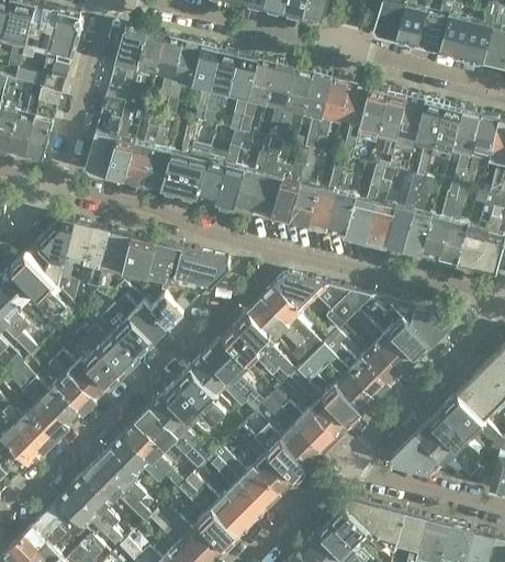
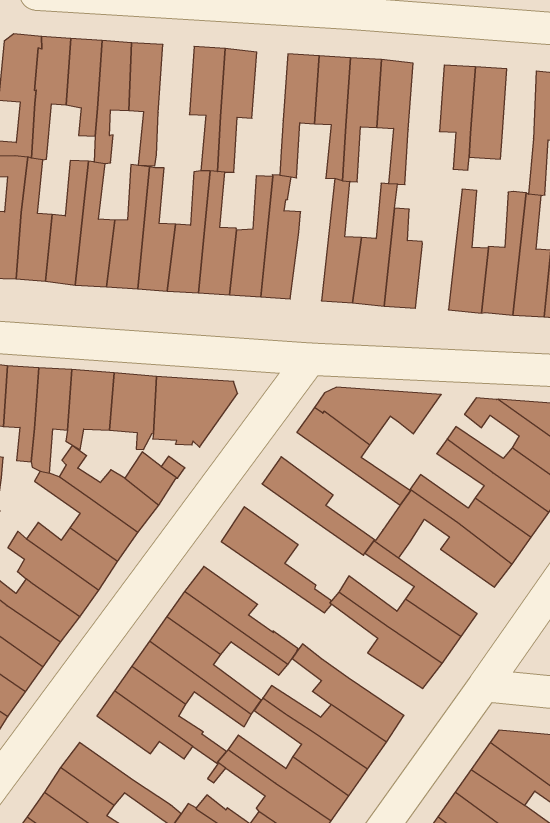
building: [201,50,237,126] -> none
building: [265,65,293,127] -> none
building: [350,88,386,162] -> none
building: [414,101,441,179] -> none
building: [269,147,308,222] -> none
building: [344,167,384,240] -> none
building: [325,291,371,329] -> none
building: [247,299,314,367] -> none
building: [220,326,278,378] -> none
building: [189,357,257,419] -> none
building: [307,376,362,427] -> none
building: [250,430,308,481] -> none
building: [96,449,152,510] -> none

